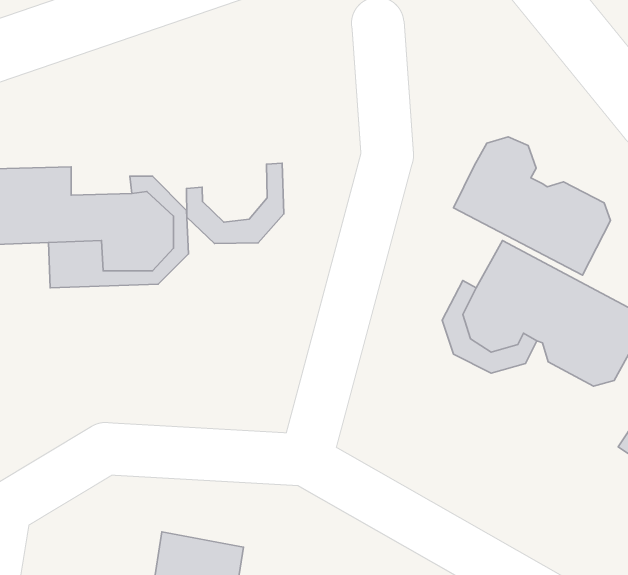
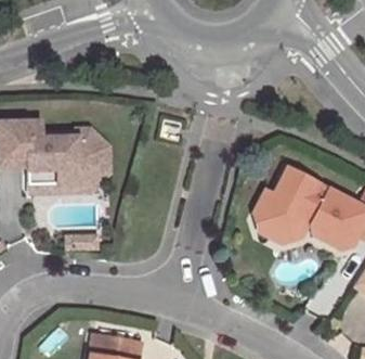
building: [453,137,610,275] -> none
building: [186,163,284,243] -> none

